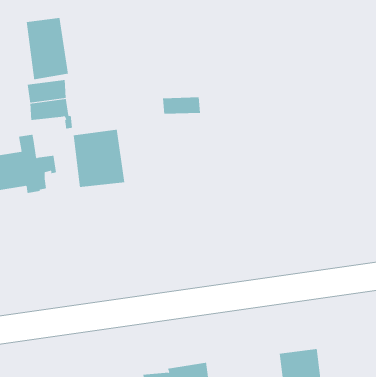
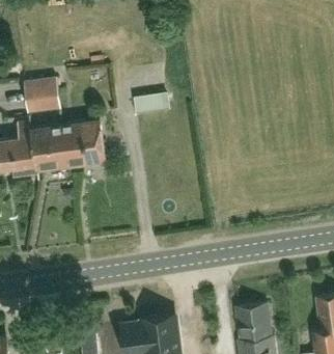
building: [26,17,68,80] -> none
building: none -> [30,124,67,172]

